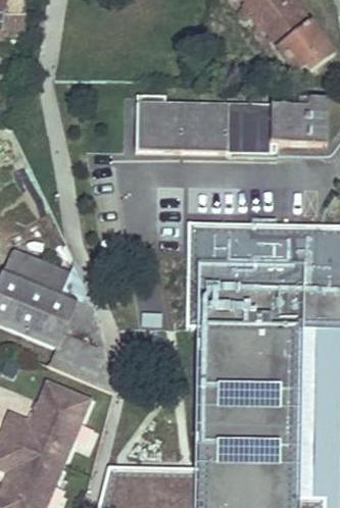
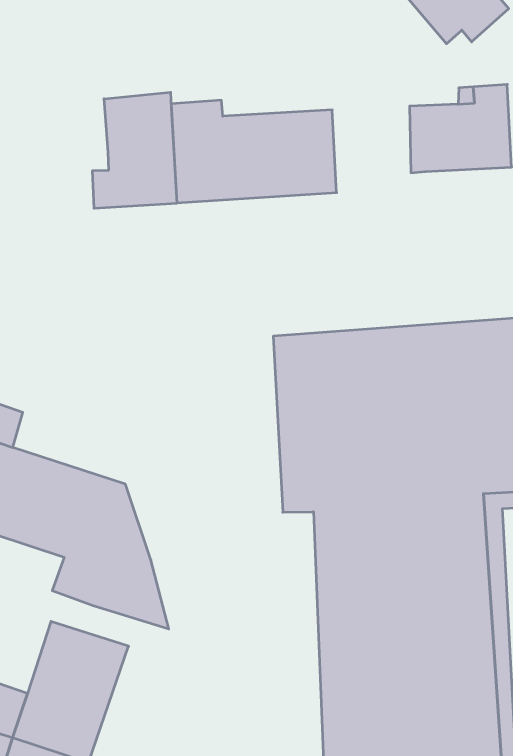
building: none -> [93,92,177,208]
building: [227,102,278,150] -> none

